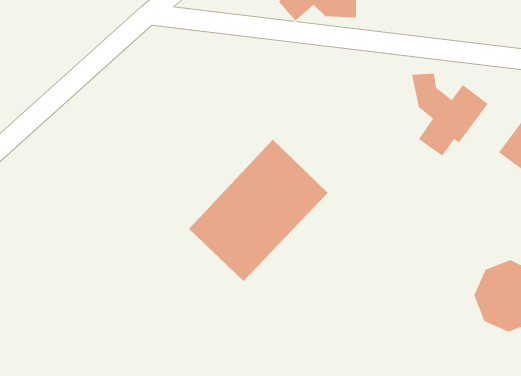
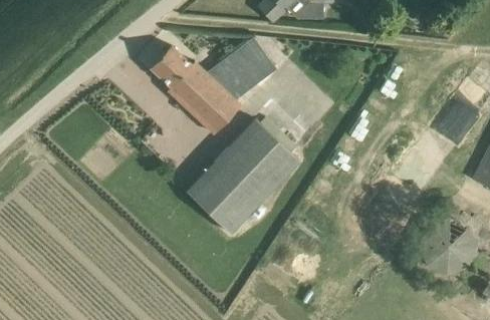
building: none -> [151,38,276,133]
building: [412,73,488,156] -> none

